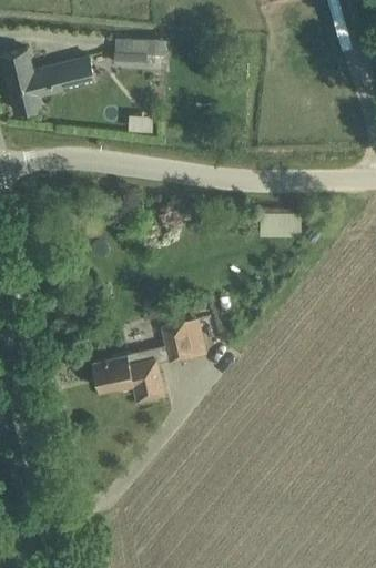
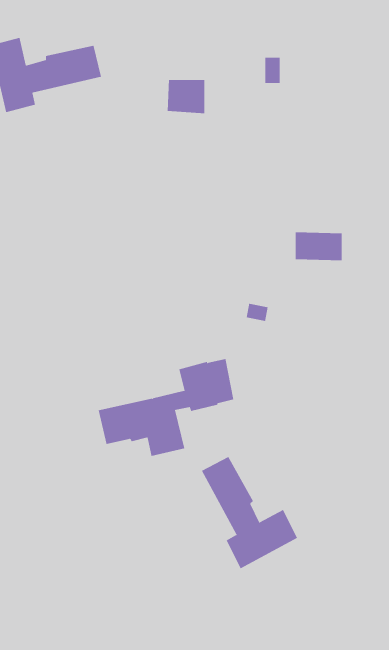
building: [115,38,148,67] -> [167,80,205,114]
building: none -> [201,456,298,569]

